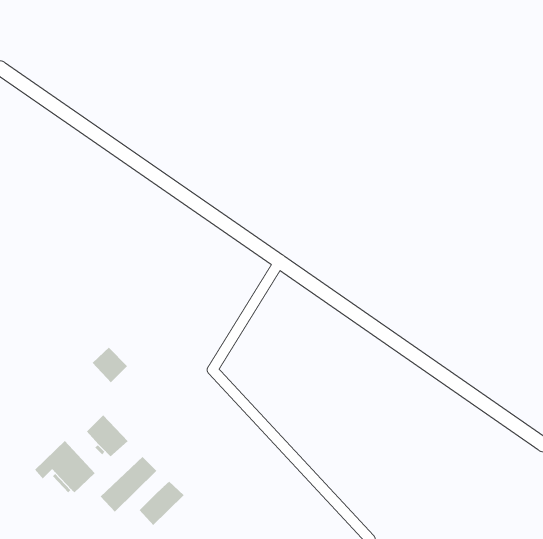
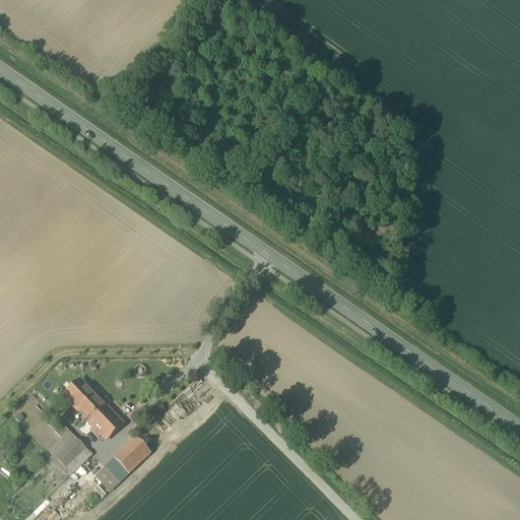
building: [92,347,128,383] -> [64,378,99,412]
building: [139,481,185,526] -> none

